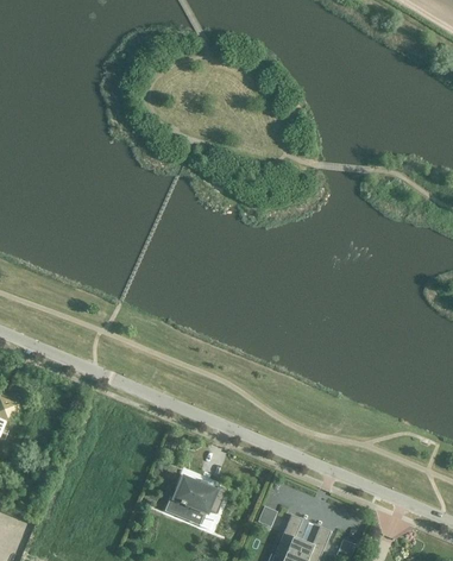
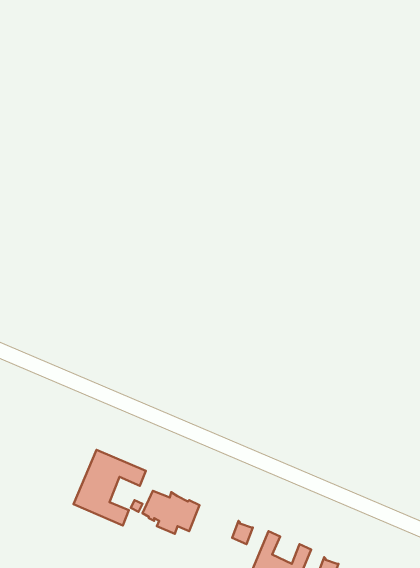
building: none -> [74,450,146,525]

